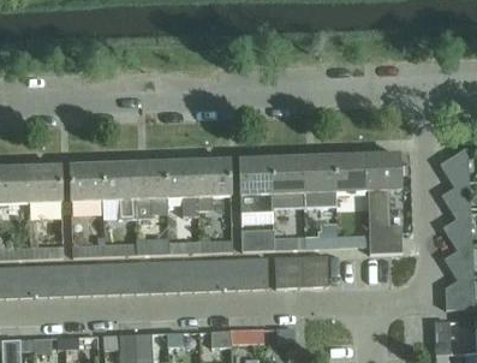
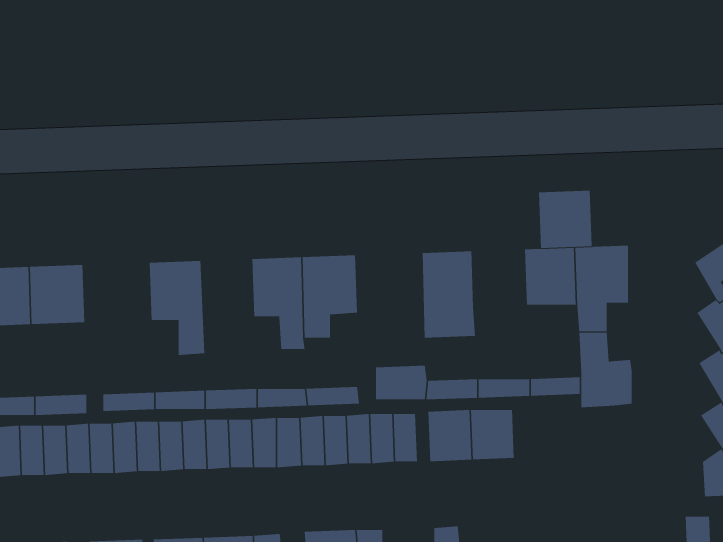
building: [302,155,335,191] -> [538,190,592,248]
building: [239,157,272,214] -> none
building: [133,161,166,220] -> none
building: [70,163,102,201] -> none

